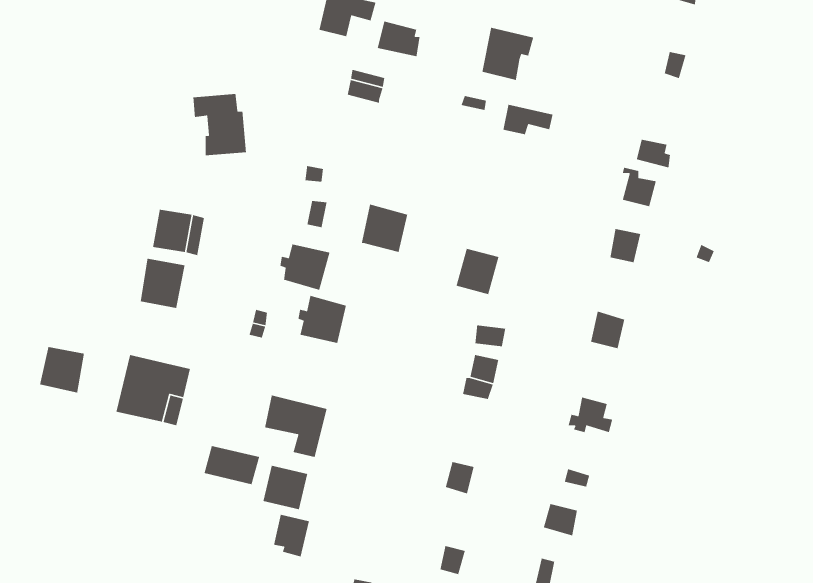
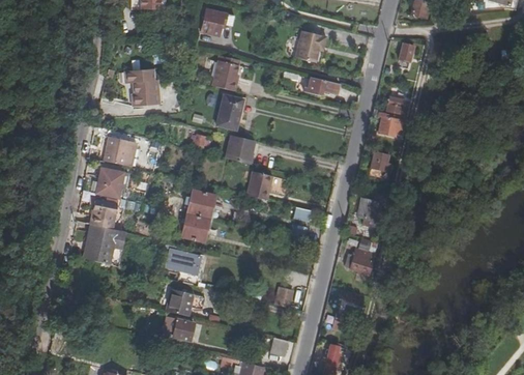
building: [377,21,421,57] -> [212,70,238,92]
building: none -> [215,95,242,129]
building: [280,243,330,291] -> [181,212,211,240]
building: [456,248,499,295] -> [246,171,272,199]
building: [39,346,85,393] -> [88,201,115,229]
building: [203,445,260,485] -> none

